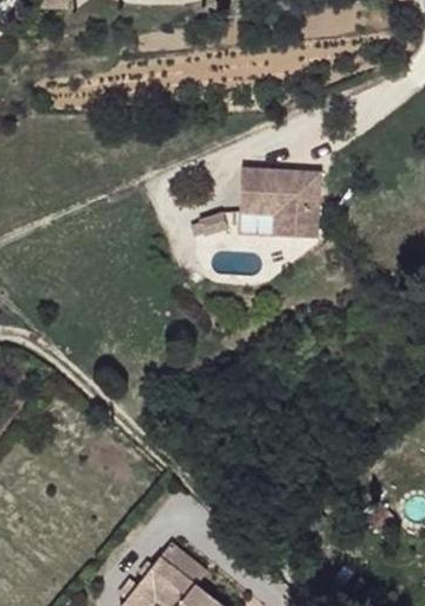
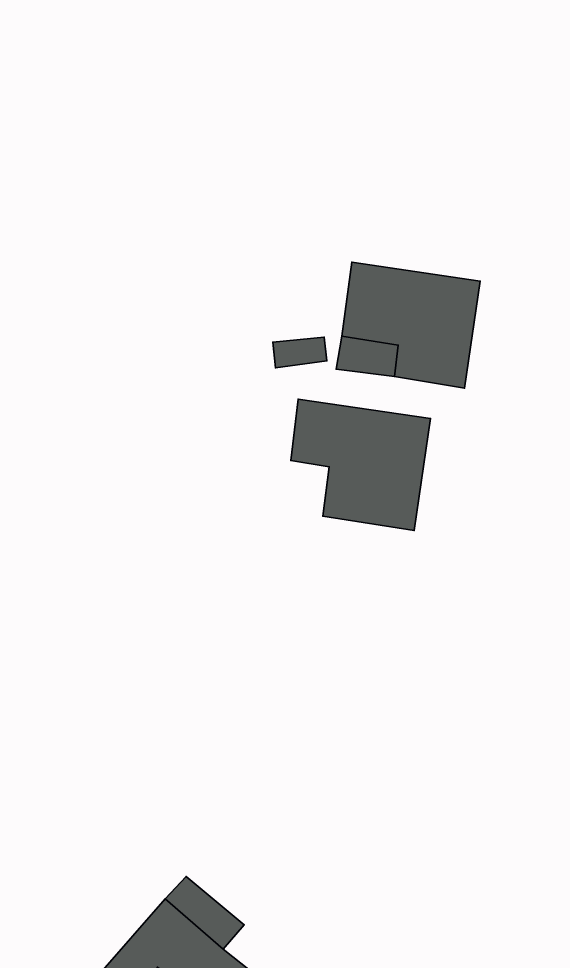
building: none -> [291,399,431,531]

